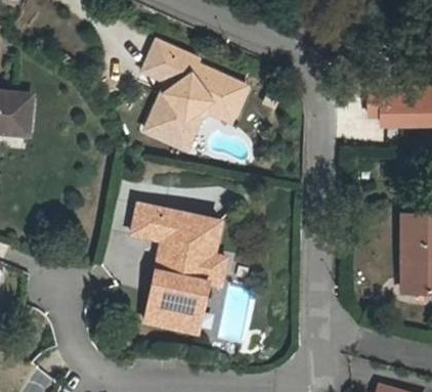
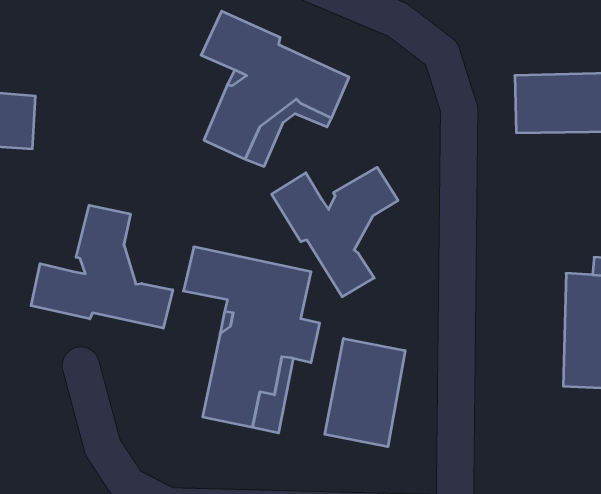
building: none -> [272,167,398,297]
building: none -> [31,205,173,328]
building: none -> [325,338,405,447]

